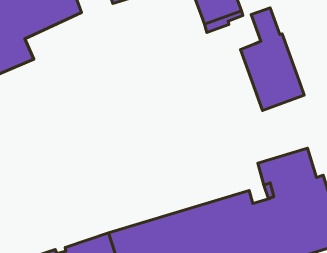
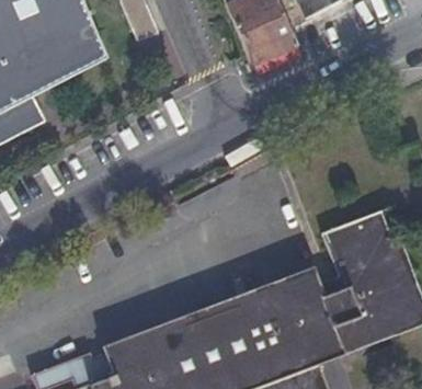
building: [240,8,304,111] -> none

